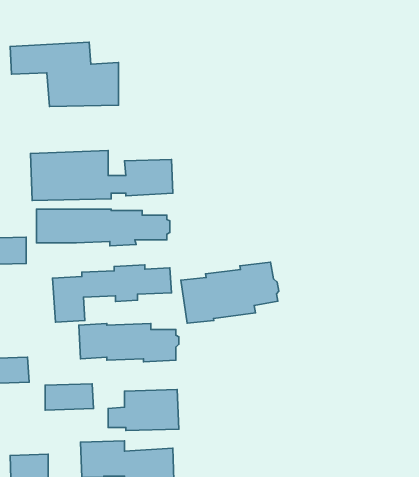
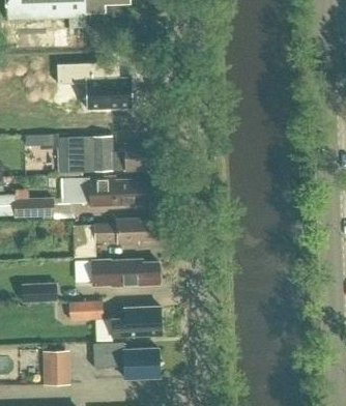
building: [181,262,279,323] -> none

